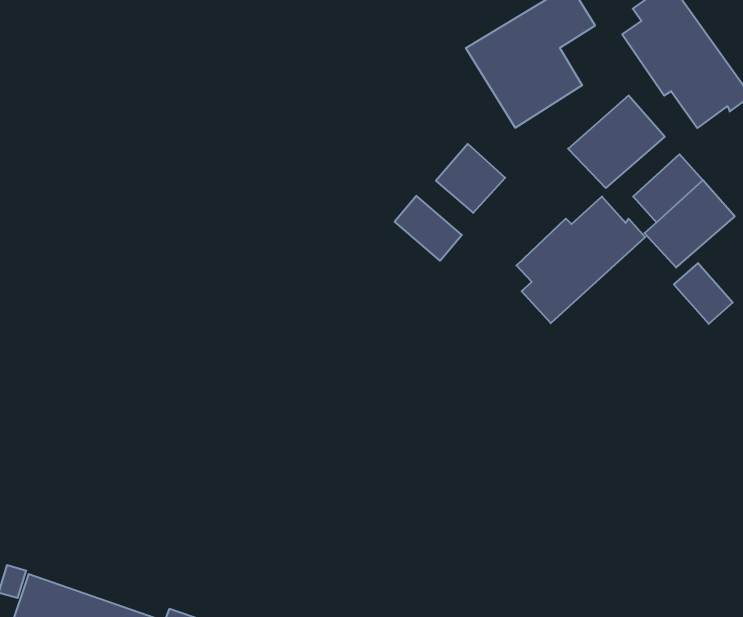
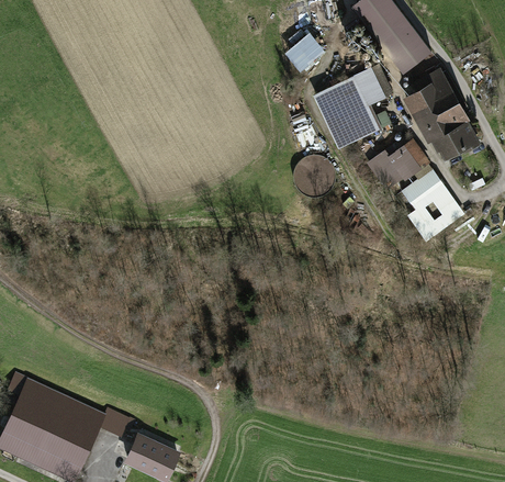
building: [395,196,462,261] -> none
building: [516,196,645,323] -> none
building: [674,263,733,324] -> none

